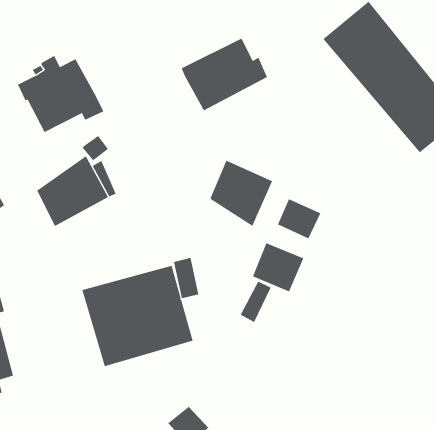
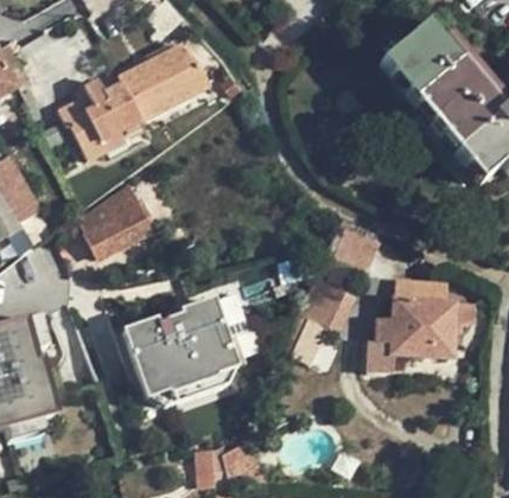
building: [181,38,268,111] -> [117,40,209,117]
building: [210,160,273,227] -> none
building: none -> [367,279,471,366]

